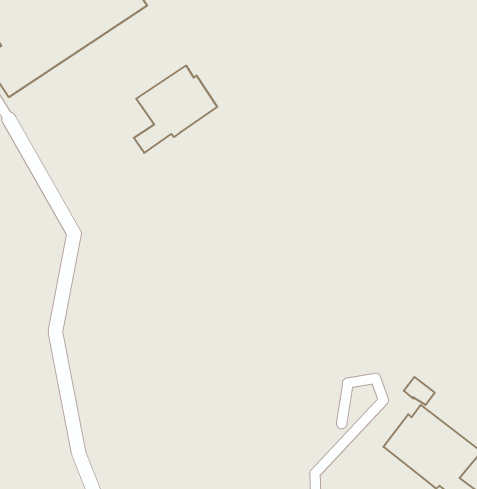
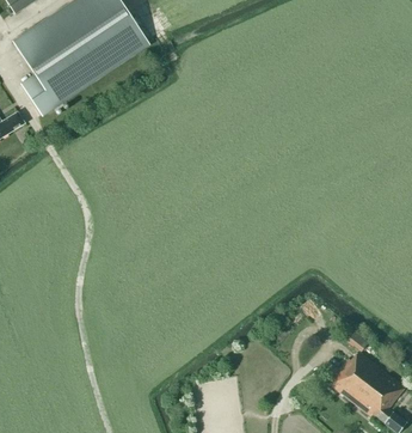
building: [134,66,217,153] -> none

